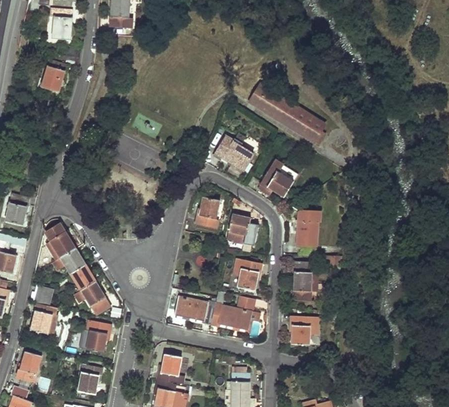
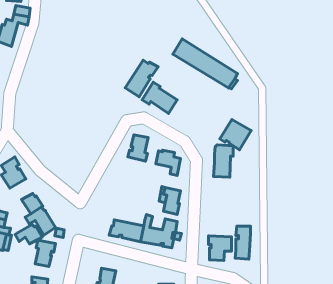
building: none -> [125,60,158,97]
building: [260,161,297,197] -> [220,119,251,150]
building: [53,250,85,273] -> [15,224,42,244]
building: [293,262,311,301] -> [235,226,250,259]

